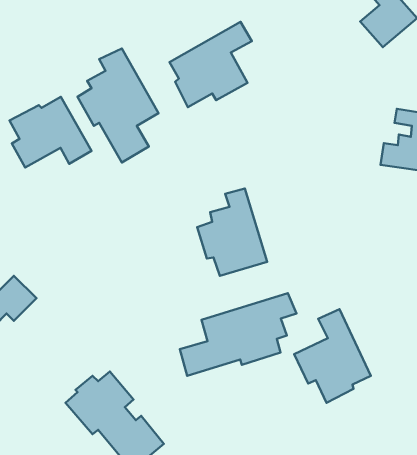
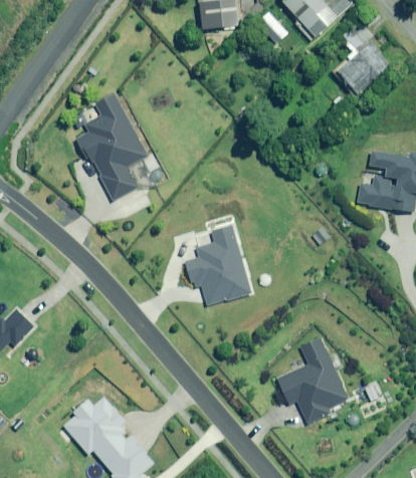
building: [170,22,252,107] -> none
building: [9,97,91,167] -> none
building: [180,293,296,376] -> none

